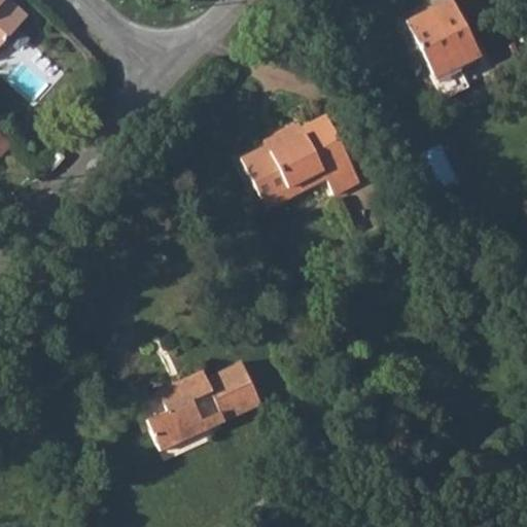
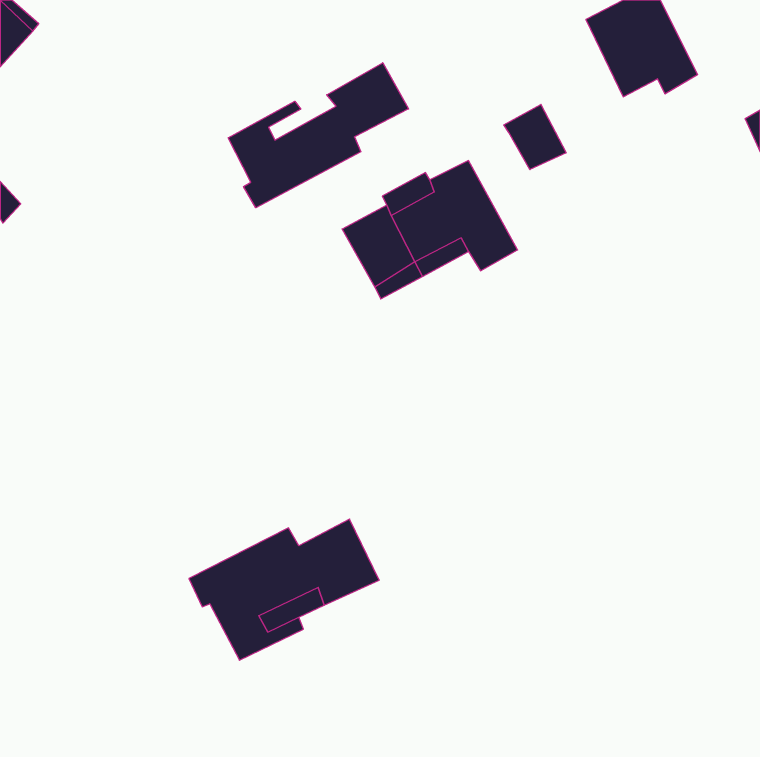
building: none -> [228,63,409,208]
building: none -> [504,104,566,170]

